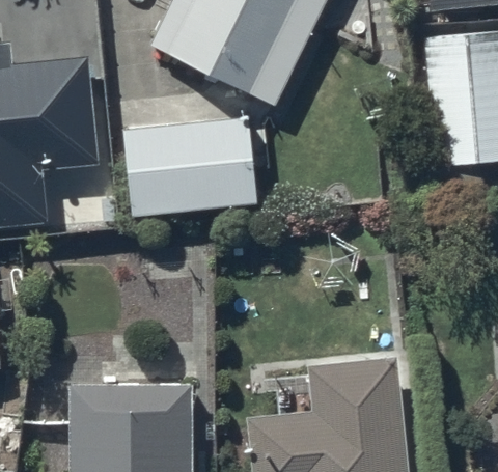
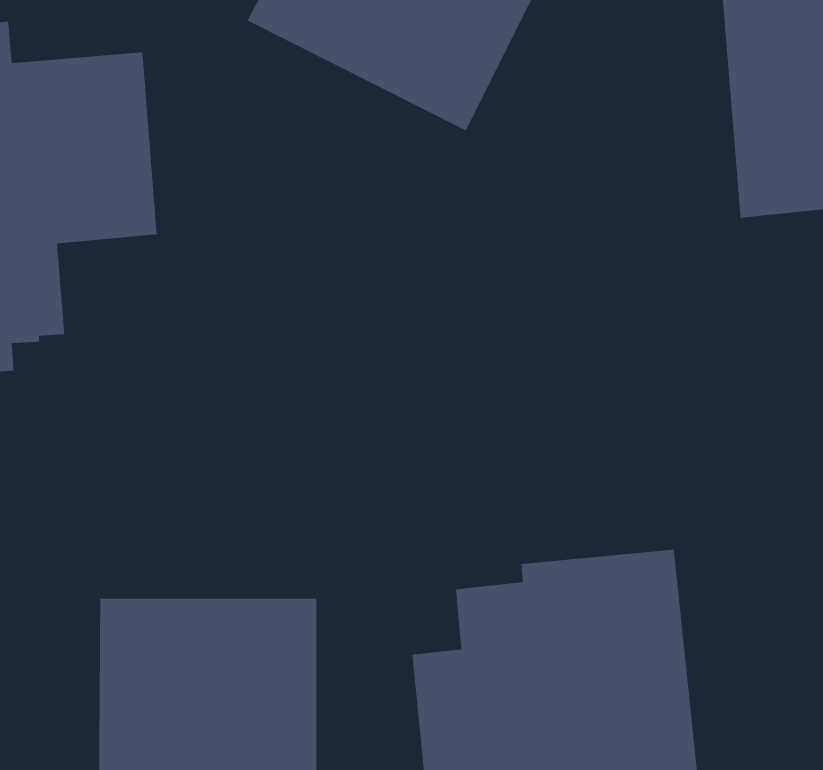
building: [121,120,264,221] -> none

